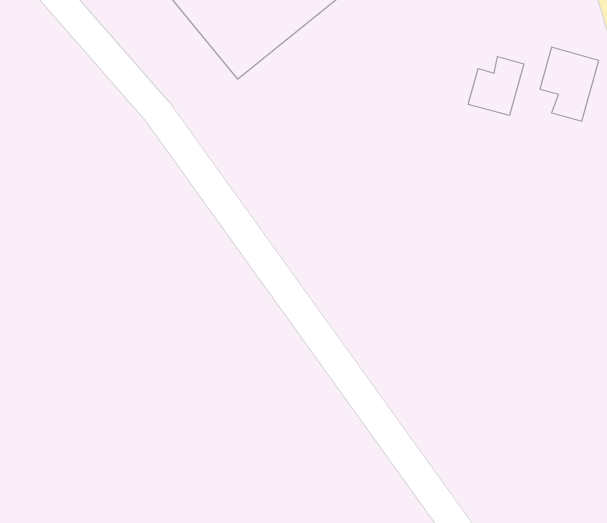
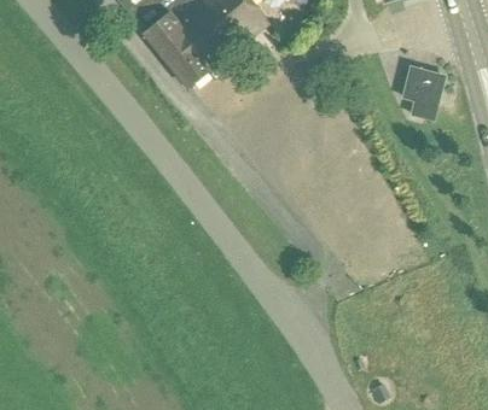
building: [468,57,524,115] -> none

